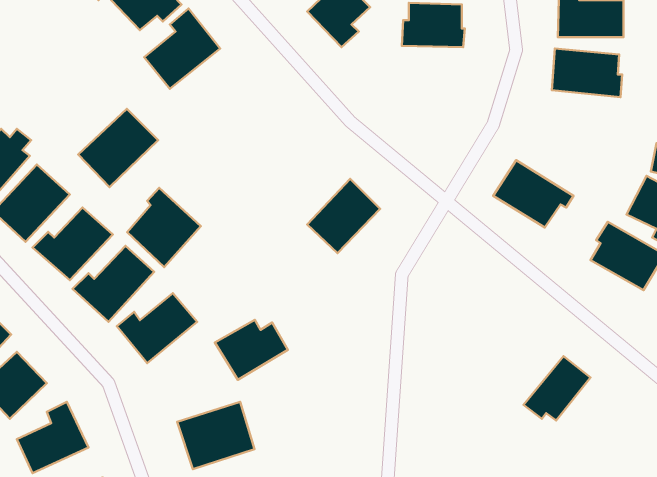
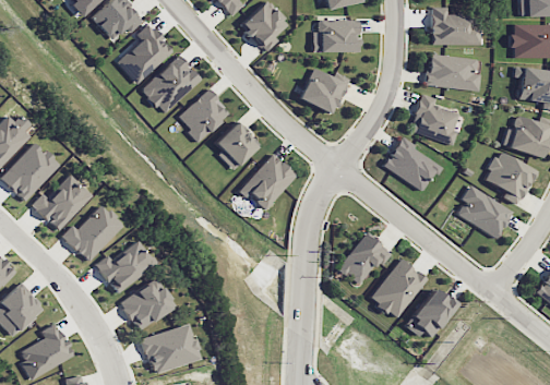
building: none -> [299,68,347,113]
building: none -> [178,88,230,141]
building: none -> [410,94,462,144]
building: [78,109,158,187] -> [141,55,202,115]
building: none -> [215,122,259,170]
building: [127,188,201,267] -> none
building: none -> [337,232,392,285]
building: none -> [369,258,427,318]
building: [215,320,288,380] -> [119,284,175,329]

